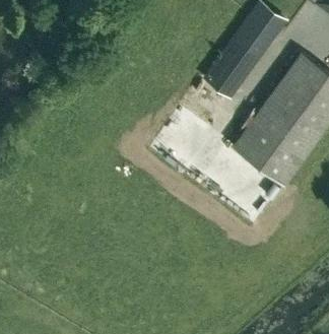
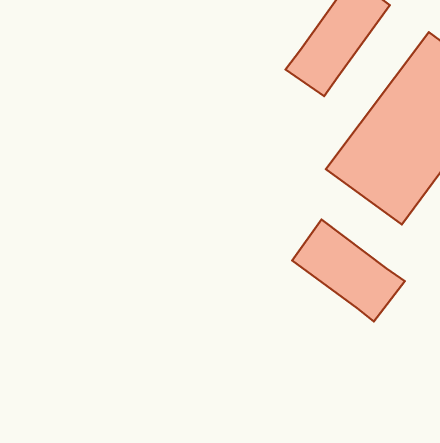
building: none -> [292,220,405,321]

